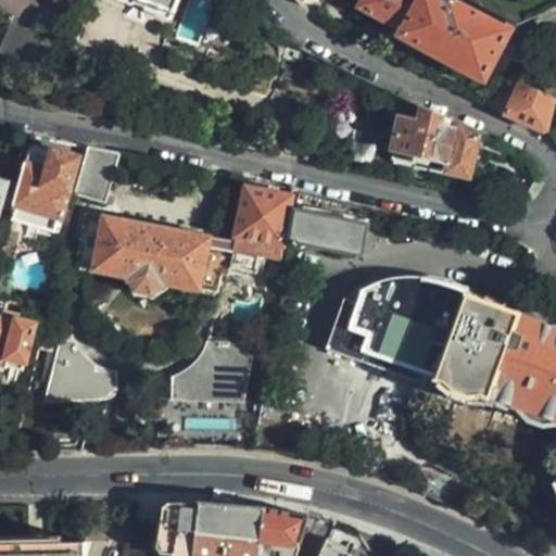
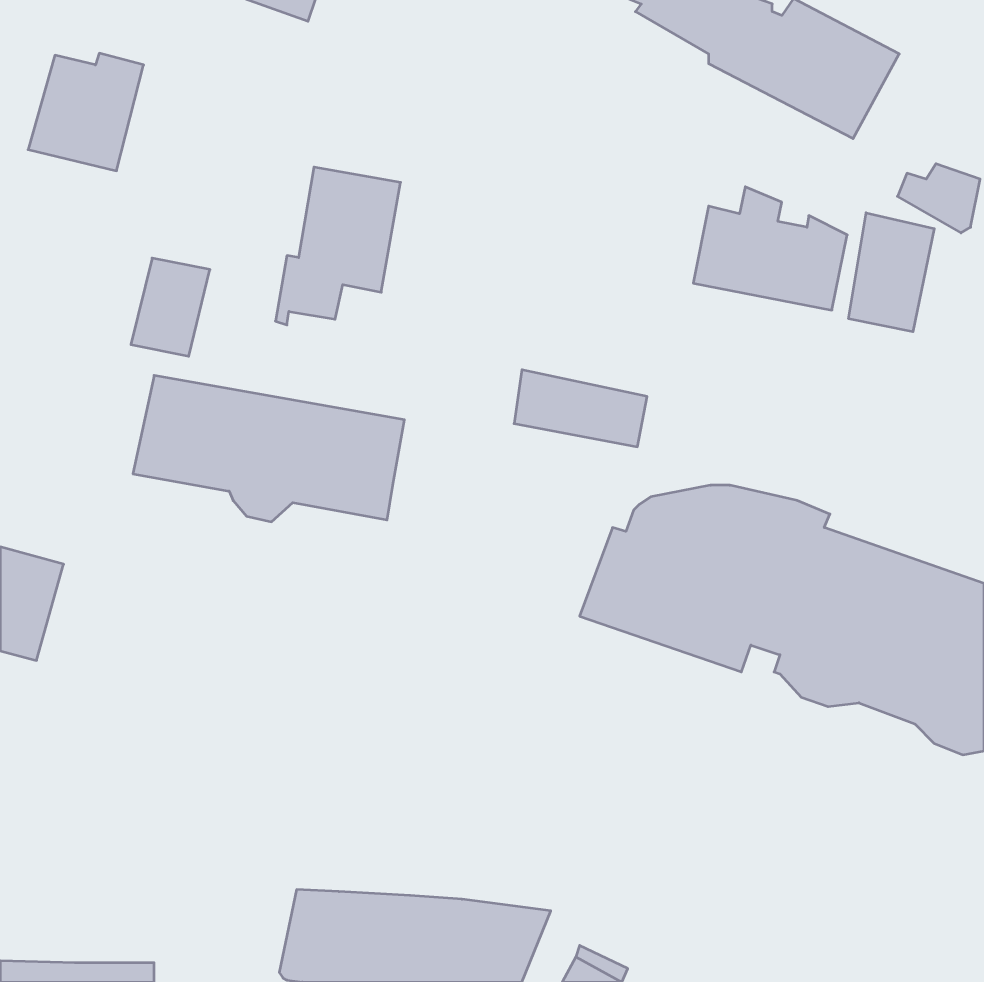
building: none -> [849,213,934,332]
building: [13,150,78,216] -> [28,53,144,171]
building: [222,187,292,276] -> [275,167,401,325]
building: [170,344,244,409] -> none
building: [47,349,110,413] -> none

